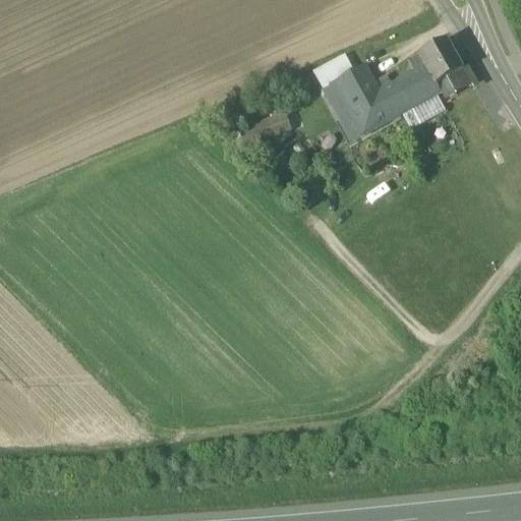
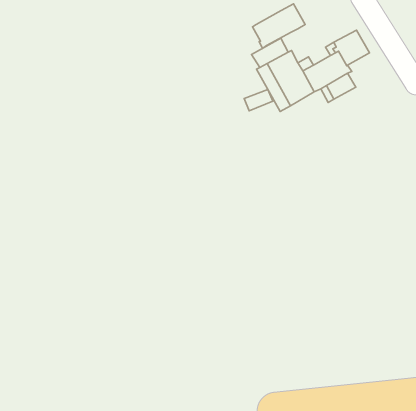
building: none -> [252,4,305,48]
building: [435,63,479,98] -> none
building: [254,111,290,137] -> [244,90,273,111]

